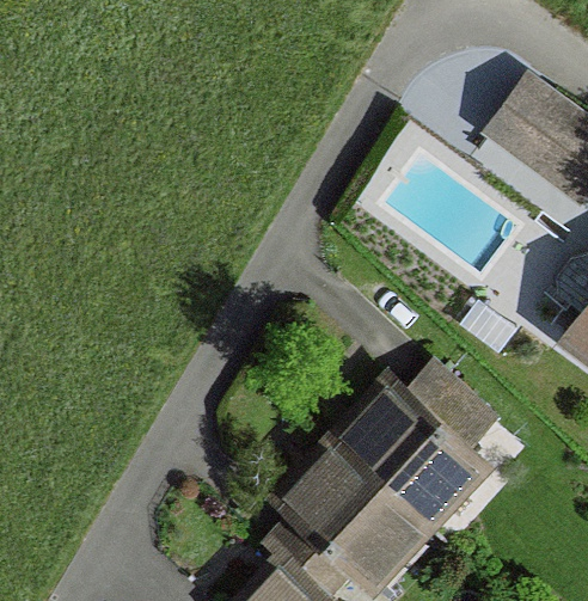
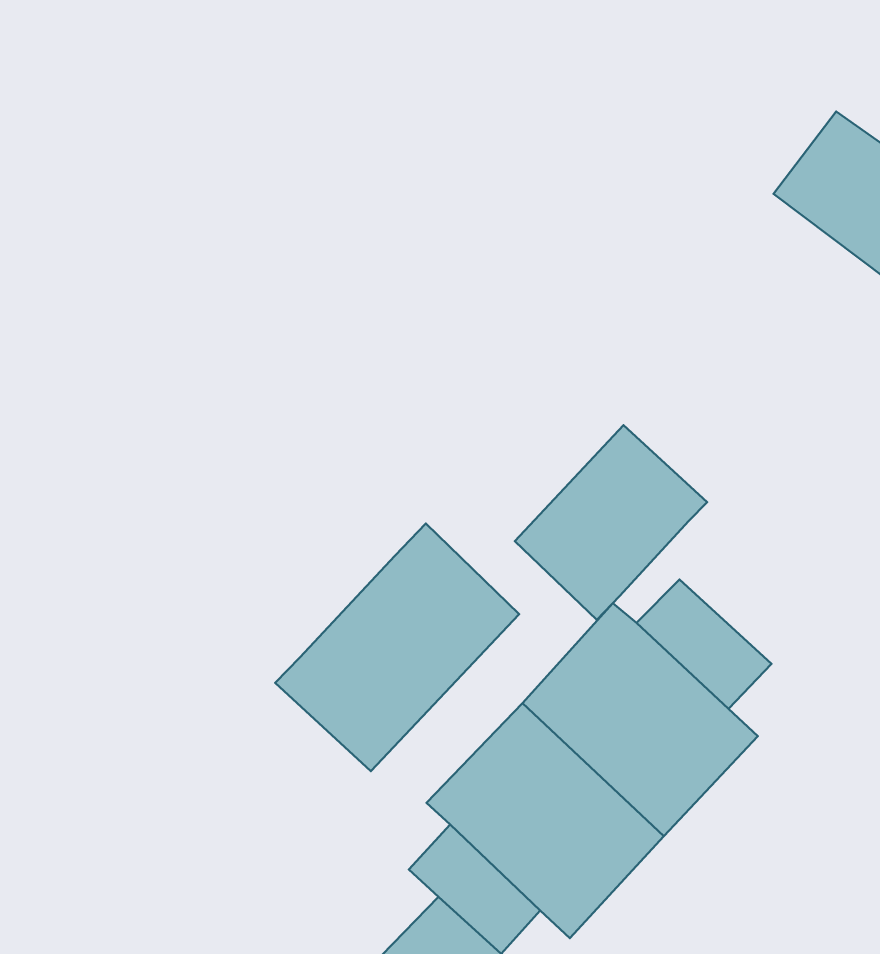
building: none -> [515,425,707,620]
building: none -> [275,523,519,771]

